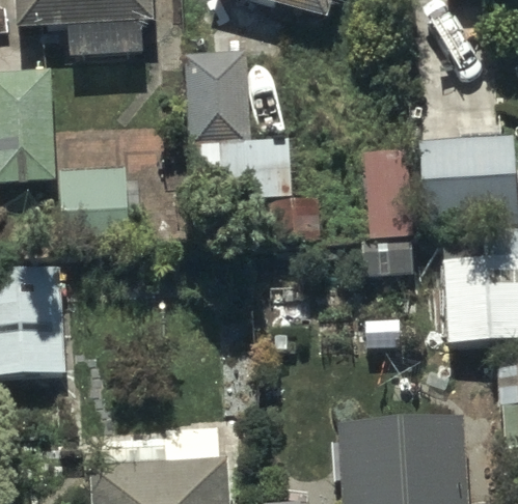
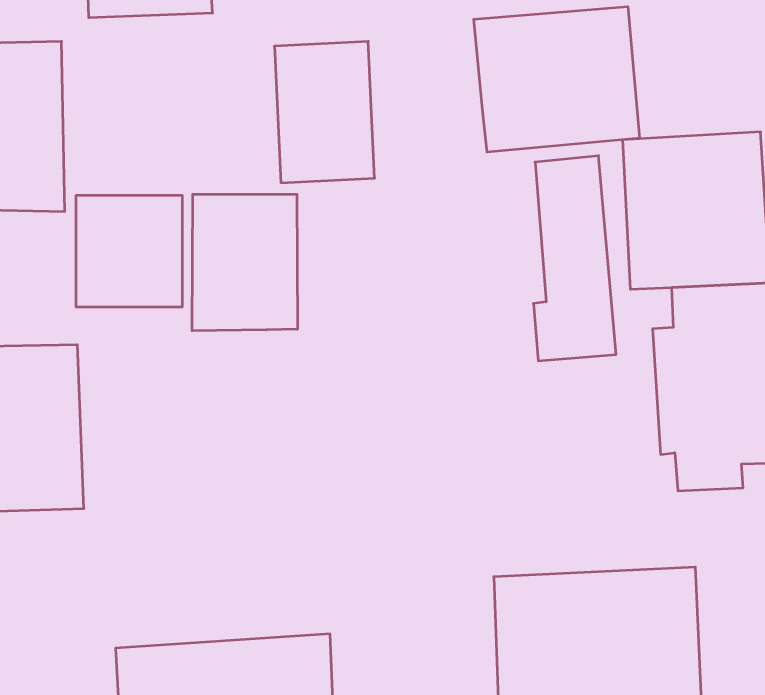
building: none -> [474,7,639,152]
building: none -> [192,194,297,331]

